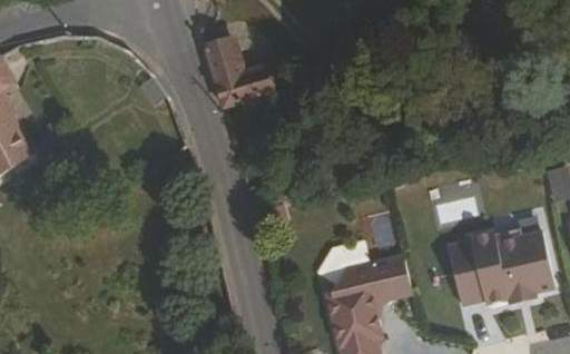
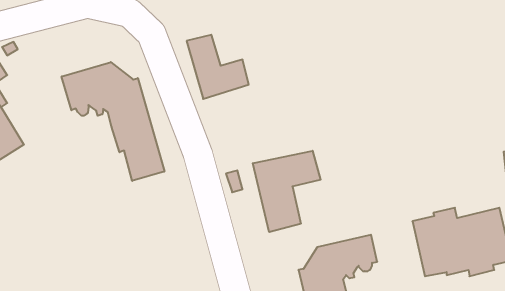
building: none -> [62,62,164,181]
building: none -> [253,151,321,232]

